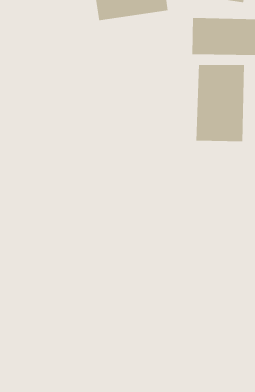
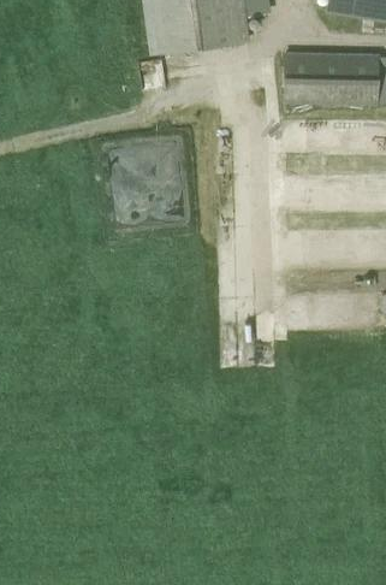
building: [196,64,244,142] -> none

